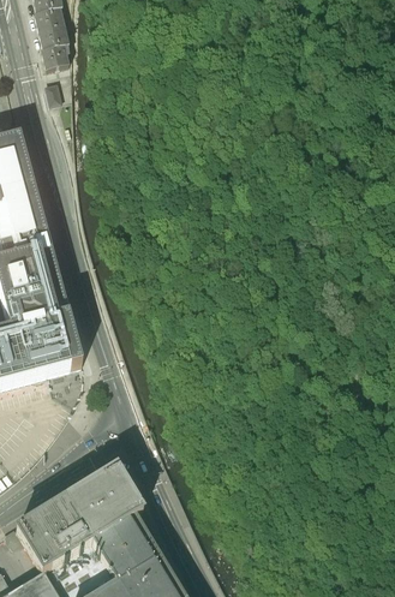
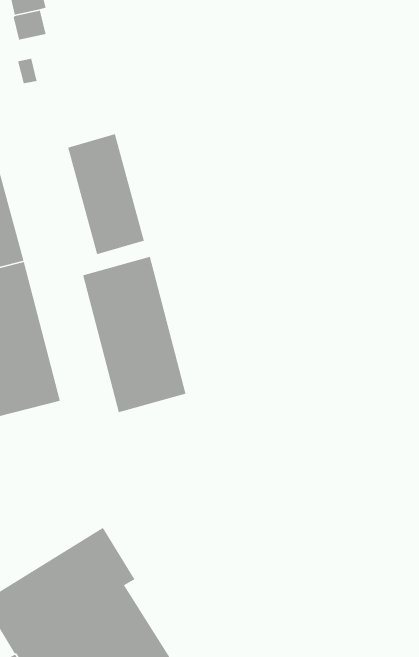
building: none -> [67,133,145,255]
building: none -> [82,256,187,413]

